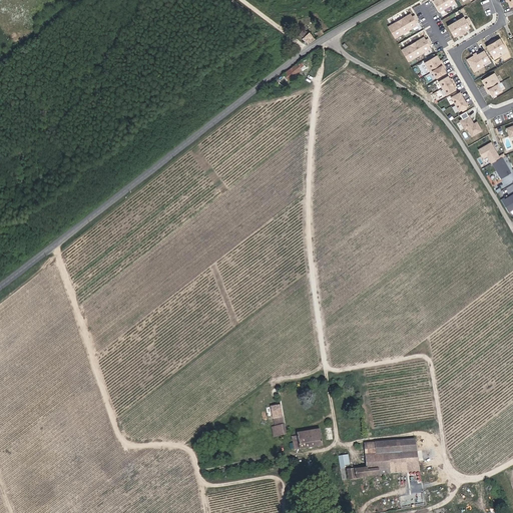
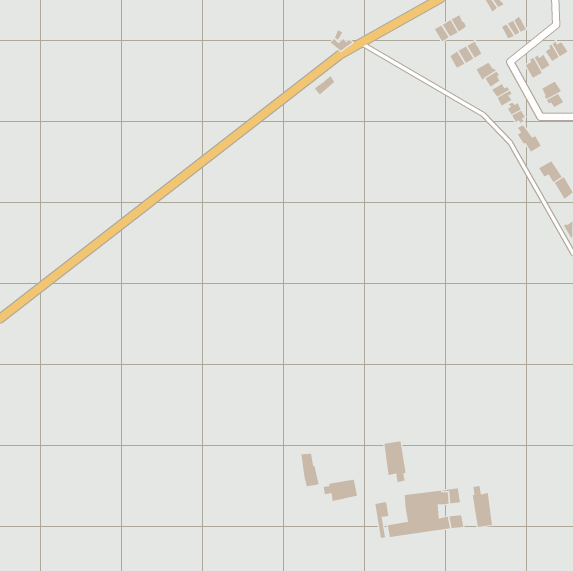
building: none -> [384,441,406,483]
building: none -> [472,485,493,528]

